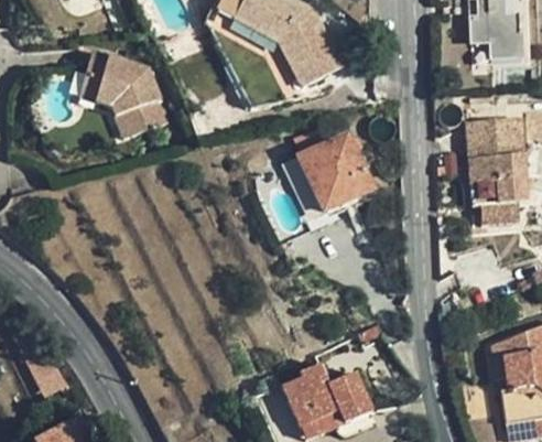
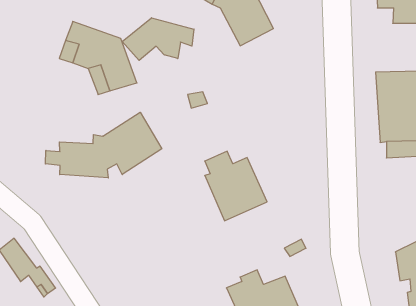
building: none -> [122,18,194,60]
building: [297,126,373,211] -> [205,151,267,221]
building: none -> [45,112,162,178]

